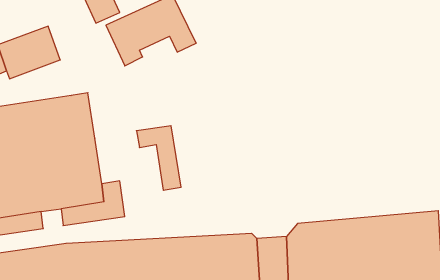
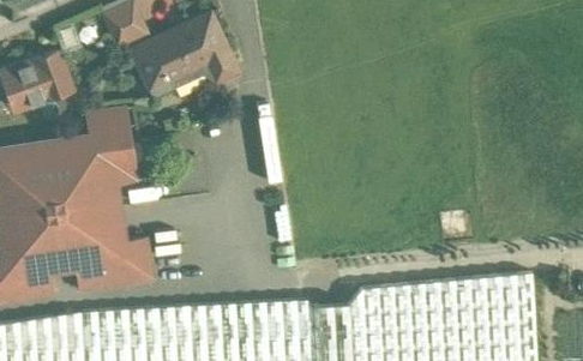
building: [136,126,181,190] -> [84,107,138,185]

